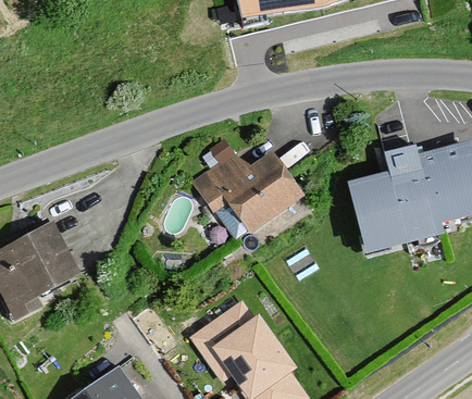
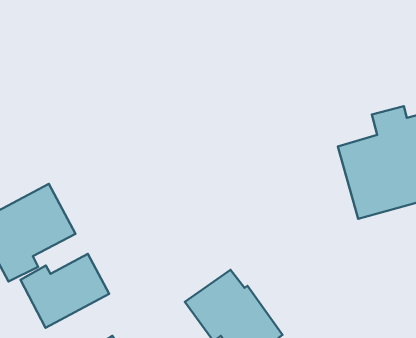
building: [190,134,298,228] -> none
building: none -> [20,254,109,328]

